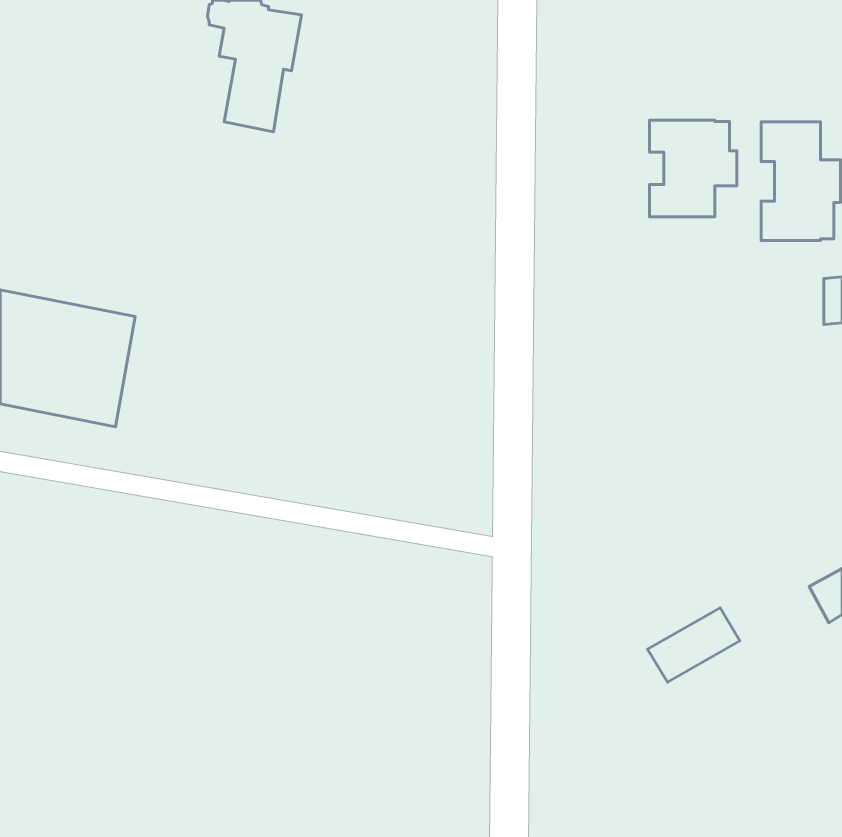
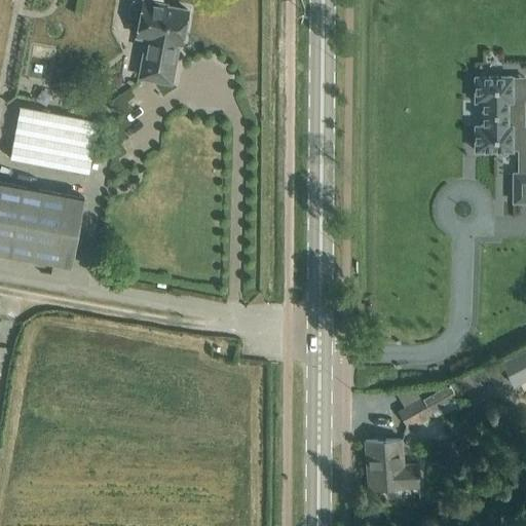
building: [649,120,737,217] -> none
building: none -> [10,109,99,176]
building: none -> [366,440,419,492]

